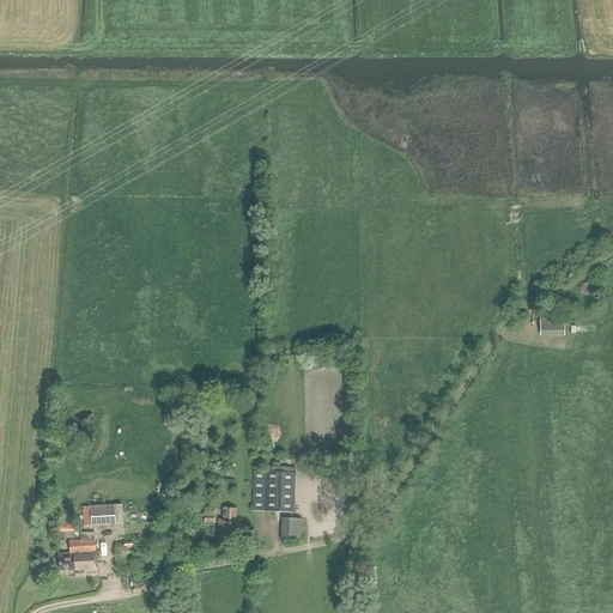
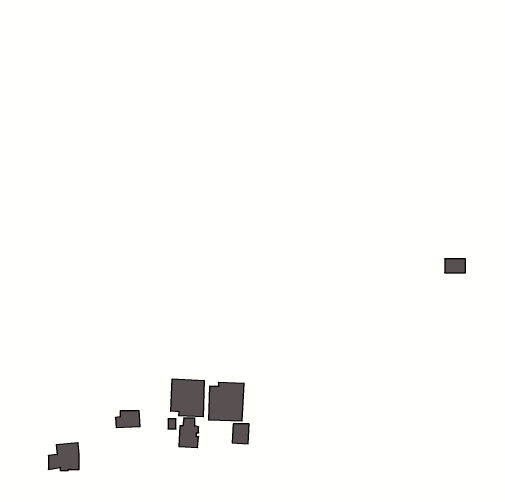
building: none -> [171,379,204,417]
building: [84,503,114,523] -> [115,411,140,428]

